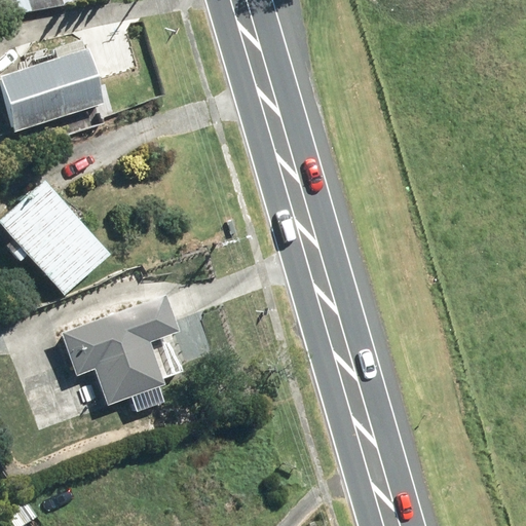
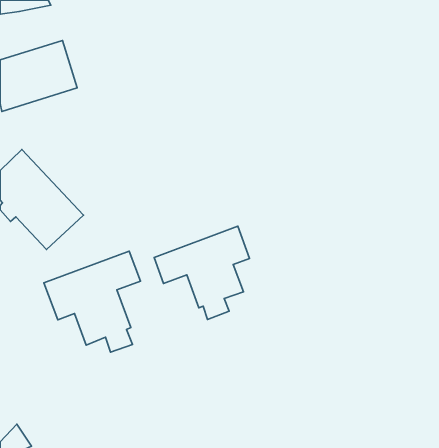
building: none -> [154,226,250,319]

